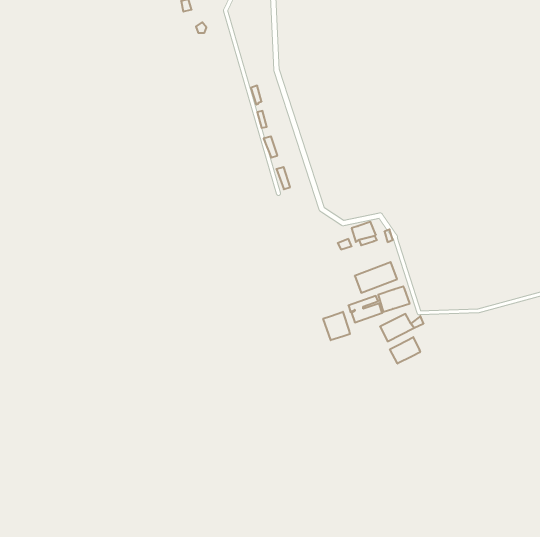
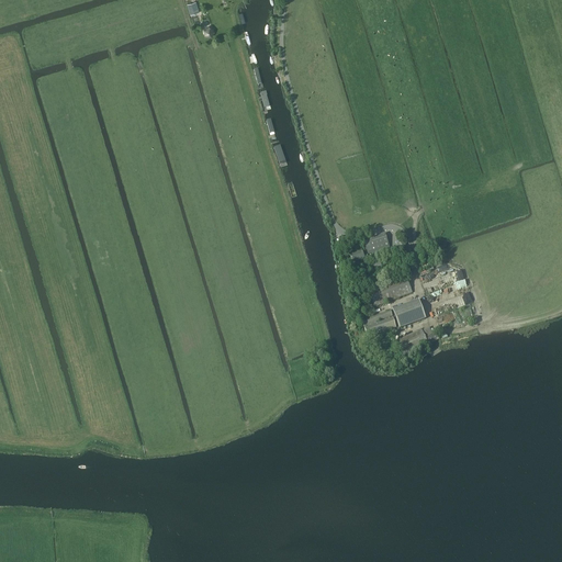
building: [323,312,350,340] -> none
building: [390,337,420,364] -> none

